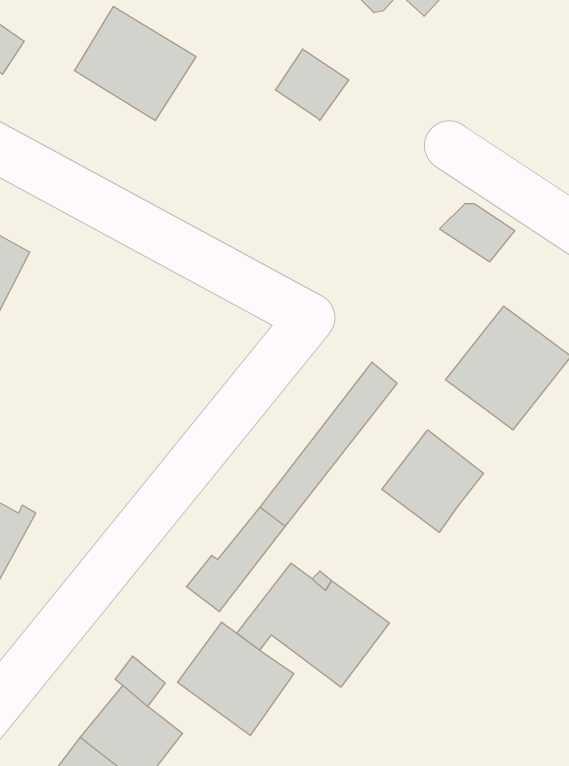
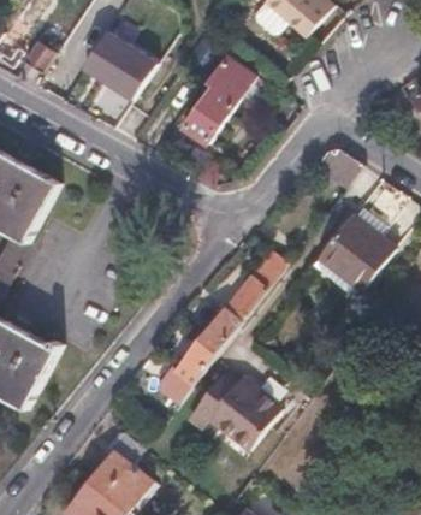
building: none -> [184,83,235,141]
building: [382,430,484,532] -> none
building: [178,622,294,736] -> none

